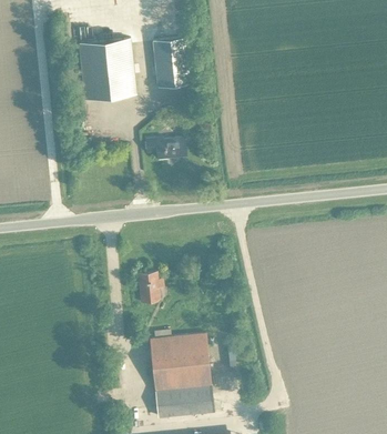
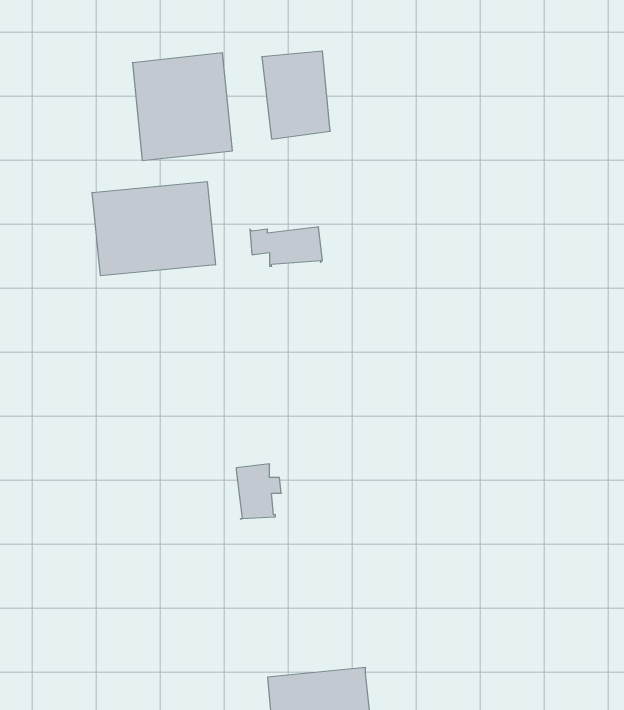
building: none -> [92,182,215,276]
building: [151,334,212,393] -> none

